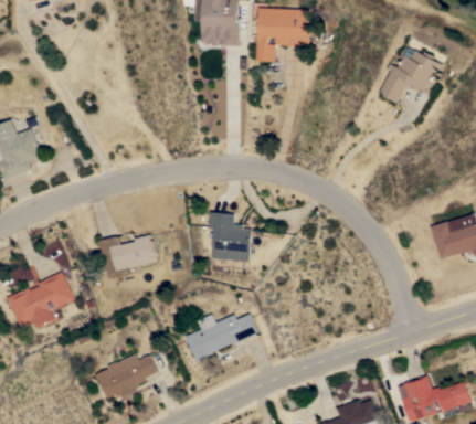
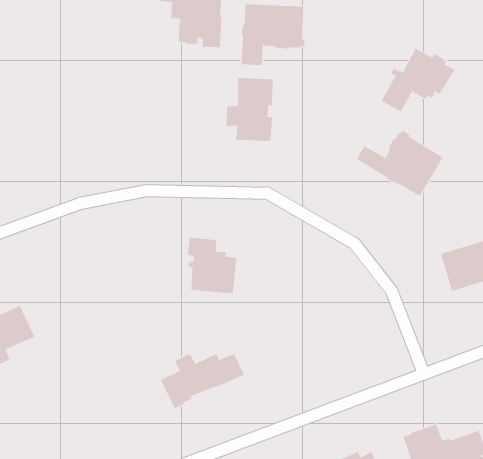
building: none -> [226,77,273,142]
building: none -> [356,130,444,197]
building: [99,234,158,278] -> none
building: [95,353,159,399] -> none

